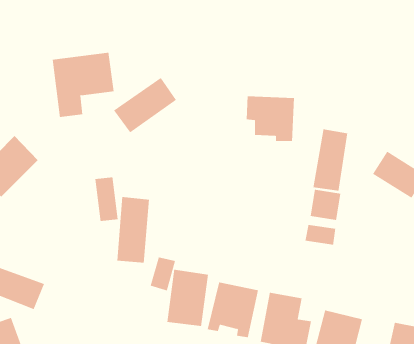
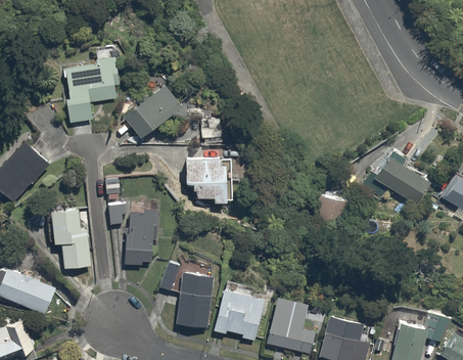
building: [246,96,295,141] -> [185,160,233,205]
building: [313,129,348,191] -> none
building: none -> [48,207,91,271]
building: [305,224,336,246] -> none

